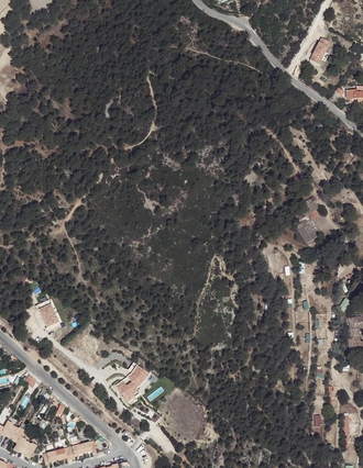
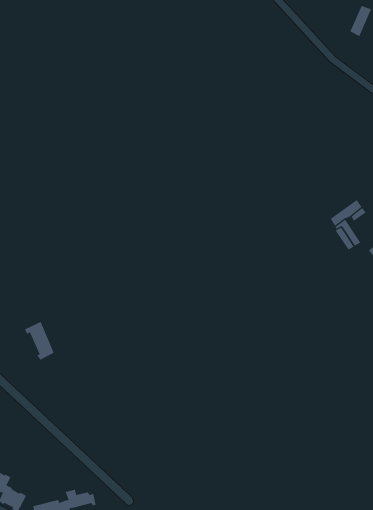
building: [117,364,150,400] -> none

